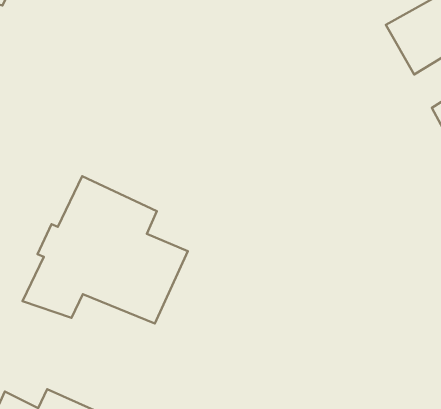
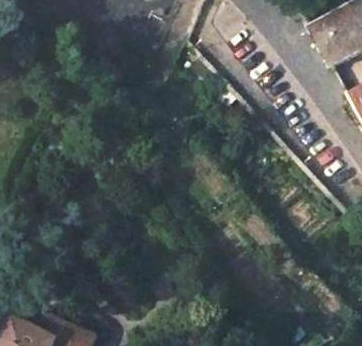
building: [22,176,188,324] -> none

